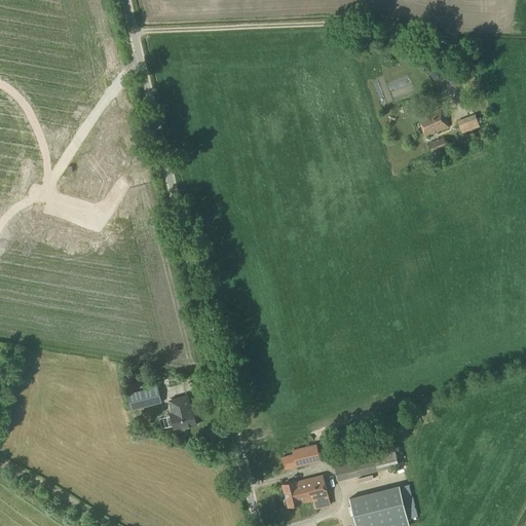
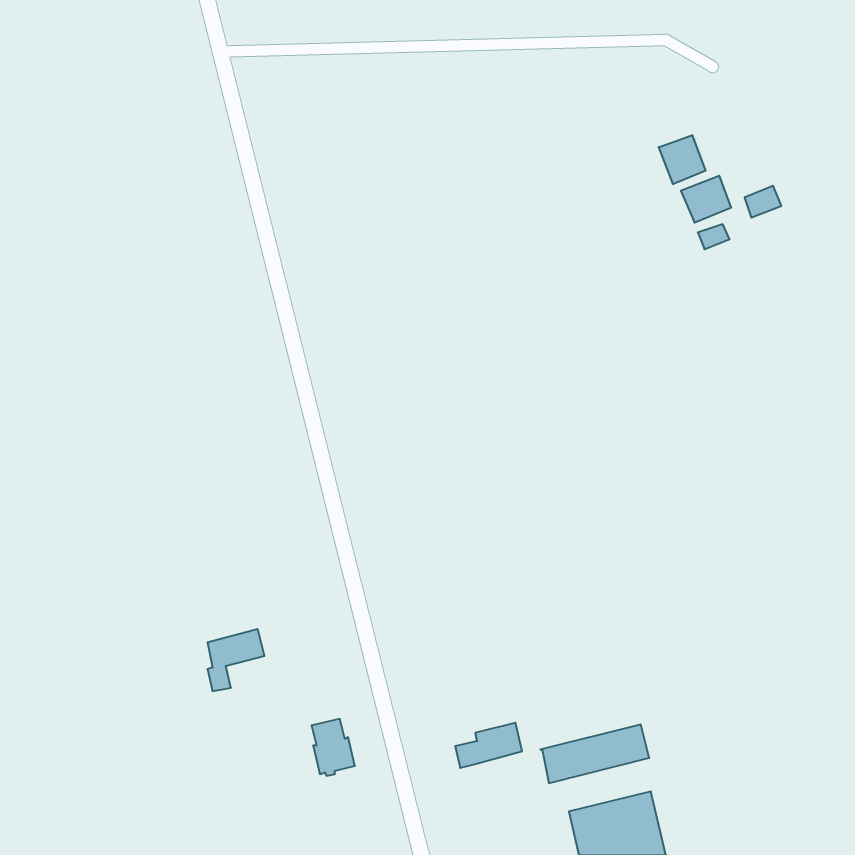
building: none -> [659,135,705,184]
building: [170,397,196,431] -> [311,719,355,776]
building: [284,477,327,506] -> none

